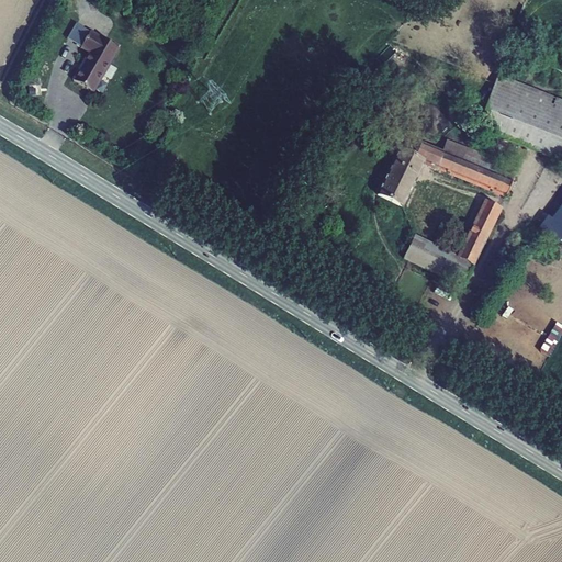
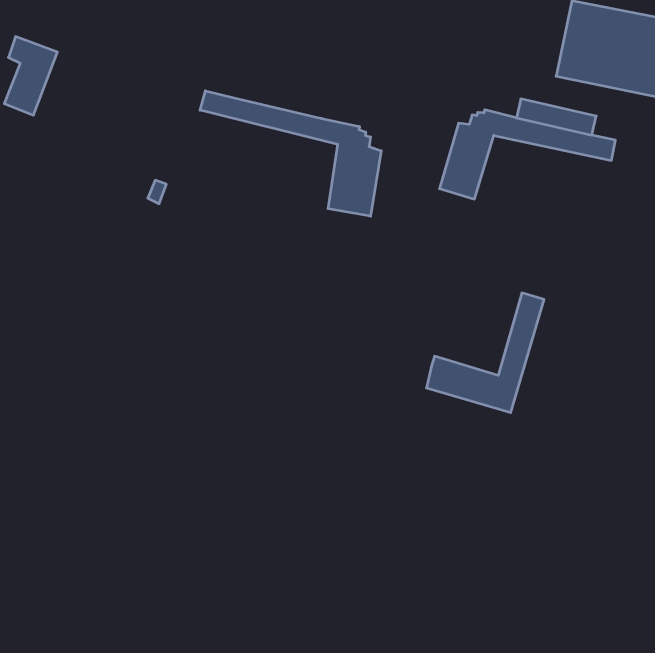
building: none -> [200,91,381,216]
building: [405,199,502,284] -> [426,293,544,413]

